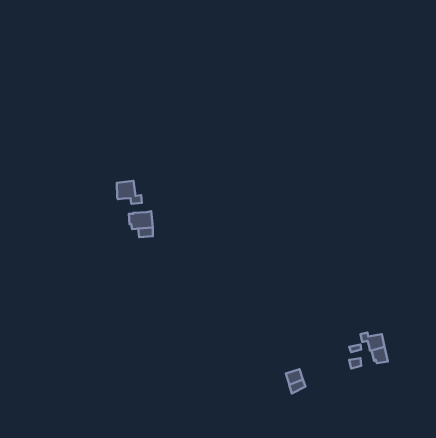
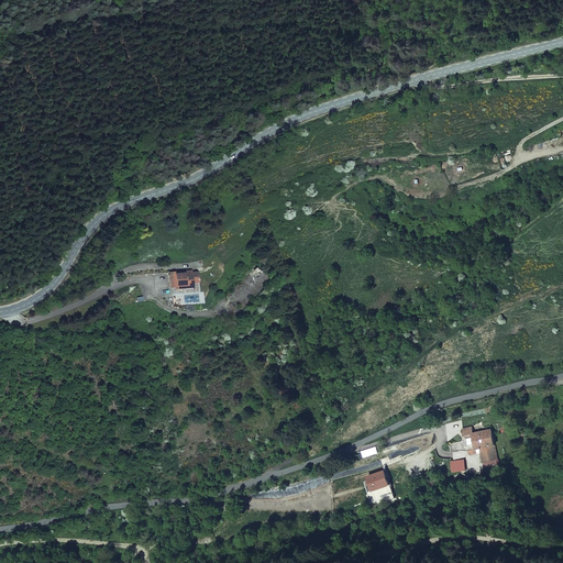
building: [117,181,142,204] -> none

